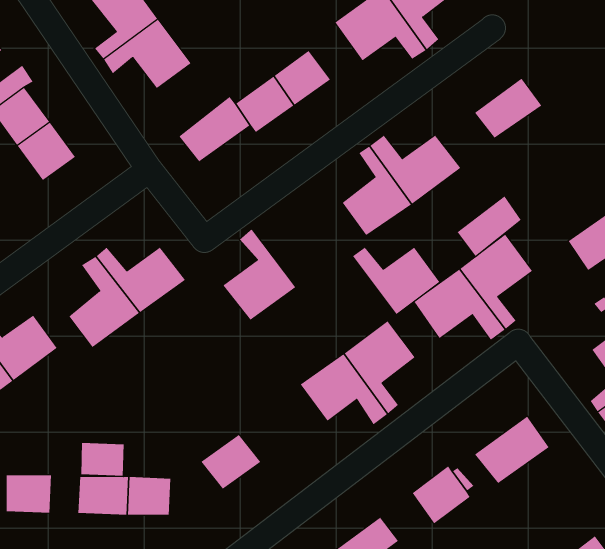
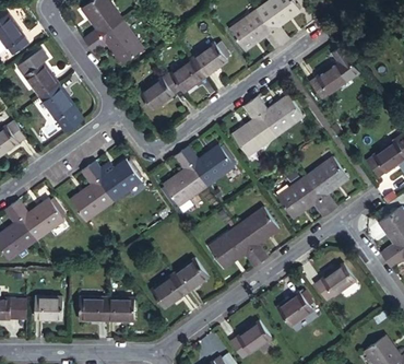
building: [457,196,521,257] -> none
building: [352,247,440,315] -> [179,144,231,185]
building: none -> [171,258,204,289]
building: [81,442,124,477] -> none

